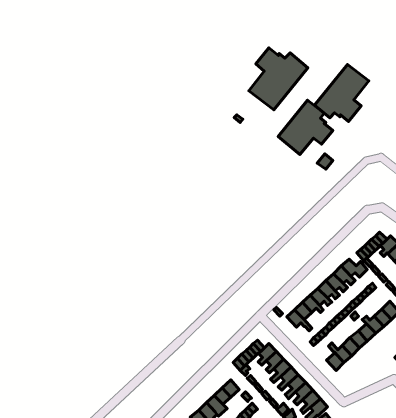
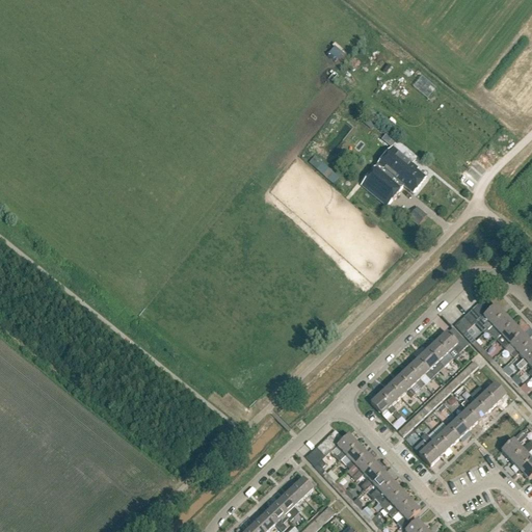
building: [249,48,308,110] -> none
building: [315,65,369,121] -> none

